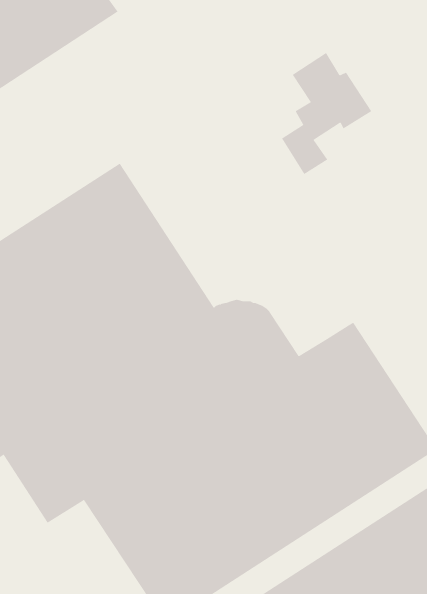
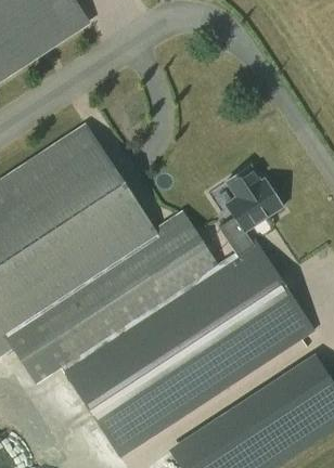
building: [281,52,372,175] -> [219,164,284,251]

